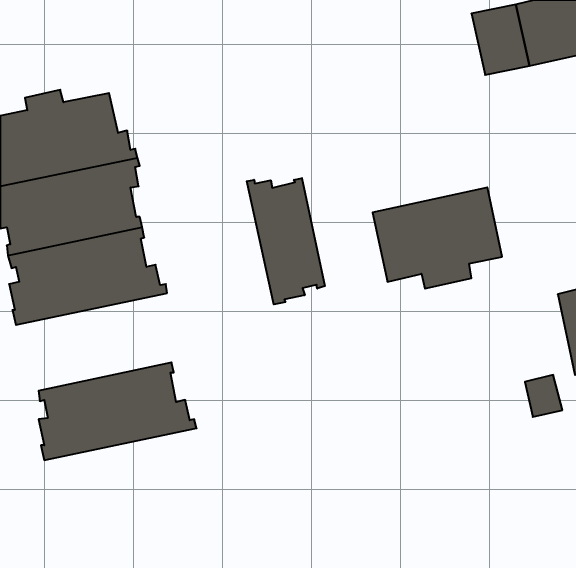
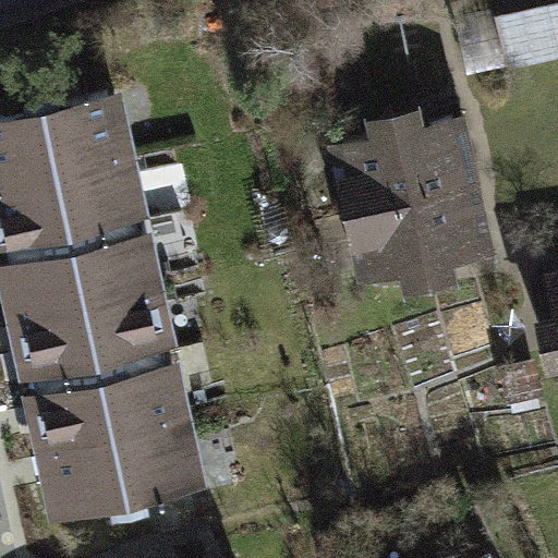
building: none -> [347,118,472,216]
building: [247,178,325,304] -> none
building: none -> [20,293,169,387]
building: none -> [47,423,194,519]

